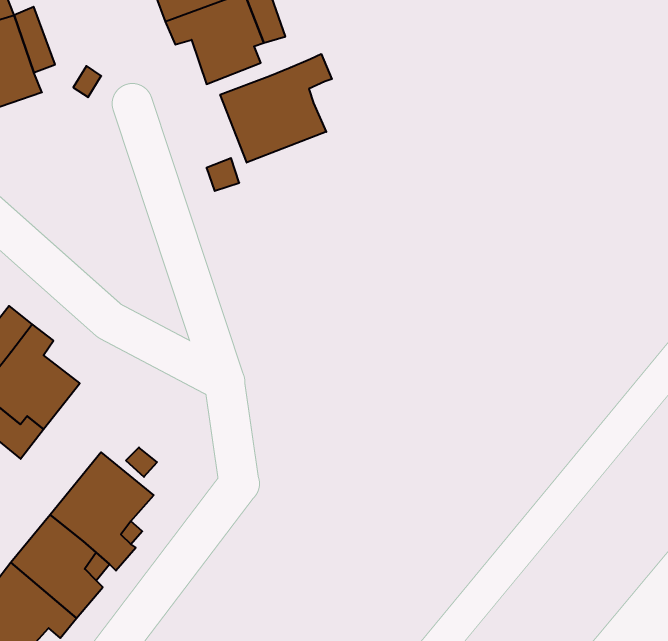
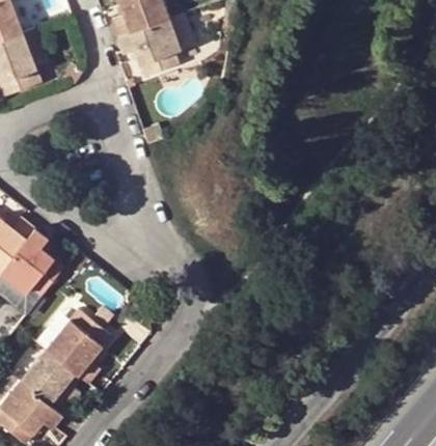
building: [220,54,332,163] -> none

